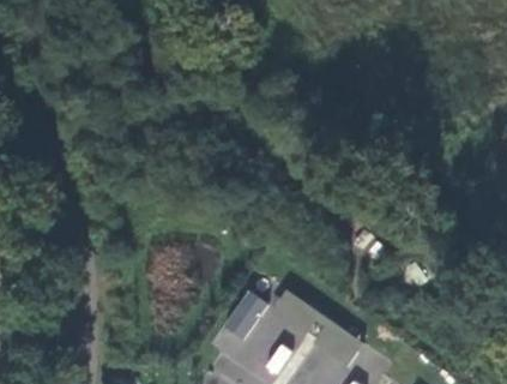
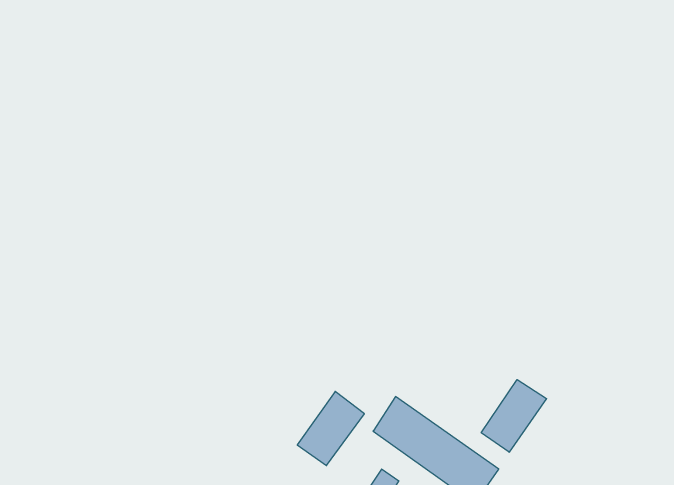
building: none -> [481,380,547,452]

